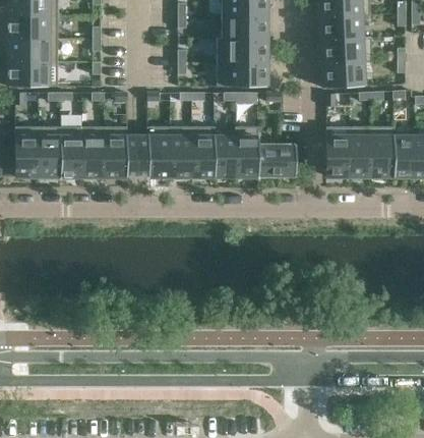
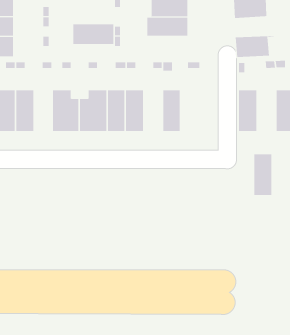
building: [321,38,372,63] -> none
building: [217,62,266,87] -> [72,24,114,44]
building: [82,126,104,176] -> none
building: [214,126,236,176] -> none
building: [257,126,295,176] -> none
building: [349,126,371,176] -> [254,154,272,195]

